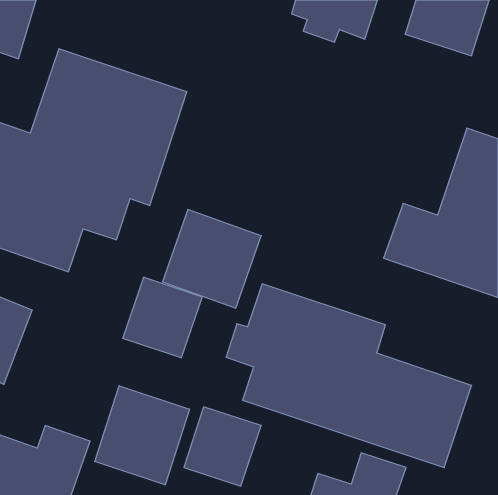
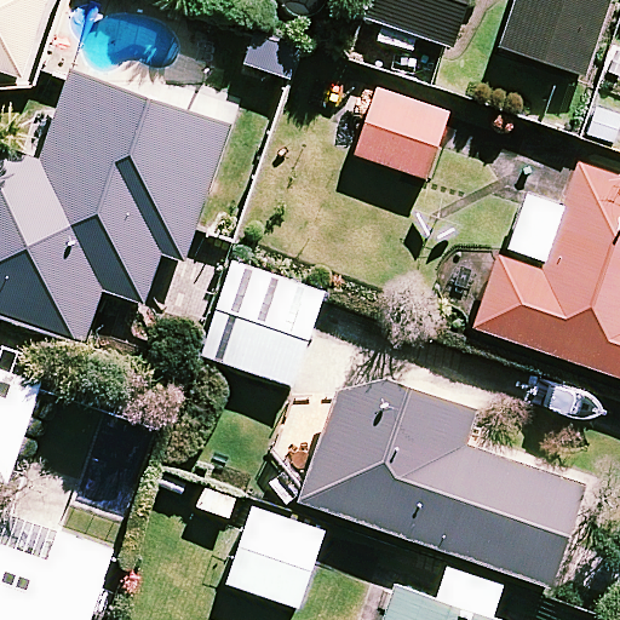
building: none -> [355,92,448,180]
building: [123,277,202,358] -> none
building: [95,386,190,485] -> none

